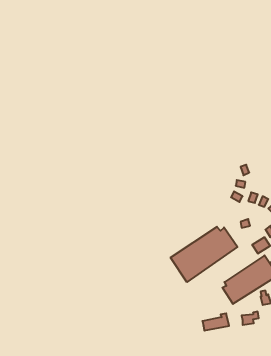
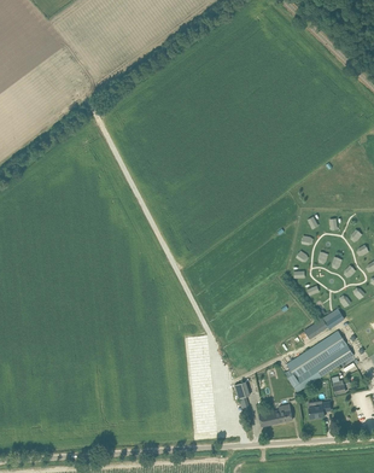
building: [171,227,237,282] -> none

